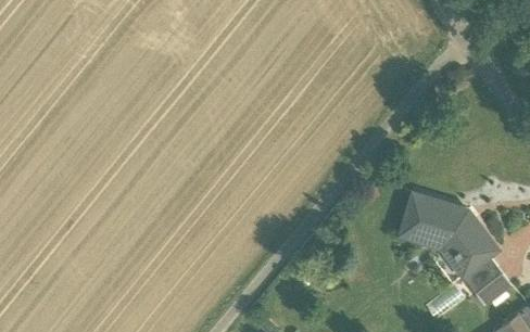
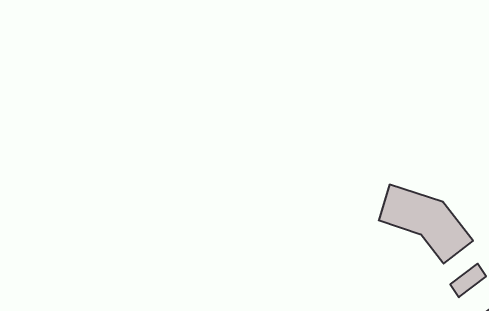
building: [462,257,502,294] -> none

